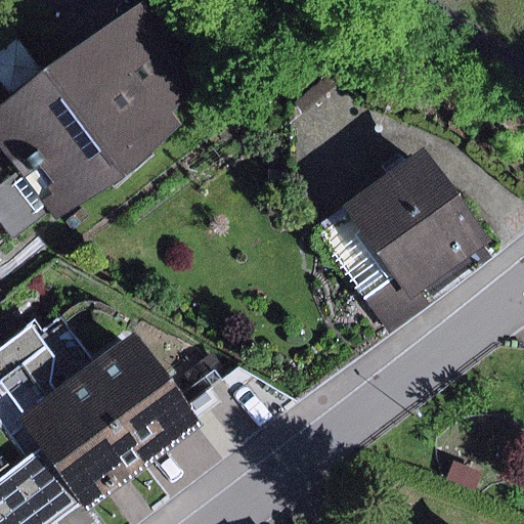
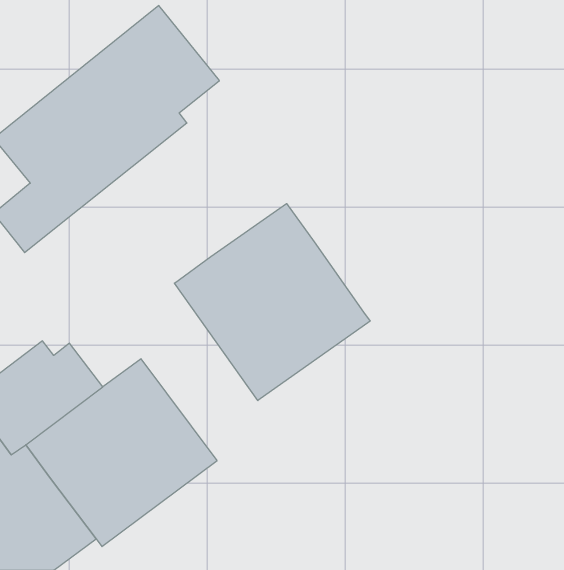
building: [331,156,476,292] -> none
building: none -> [174,204,370,401]

